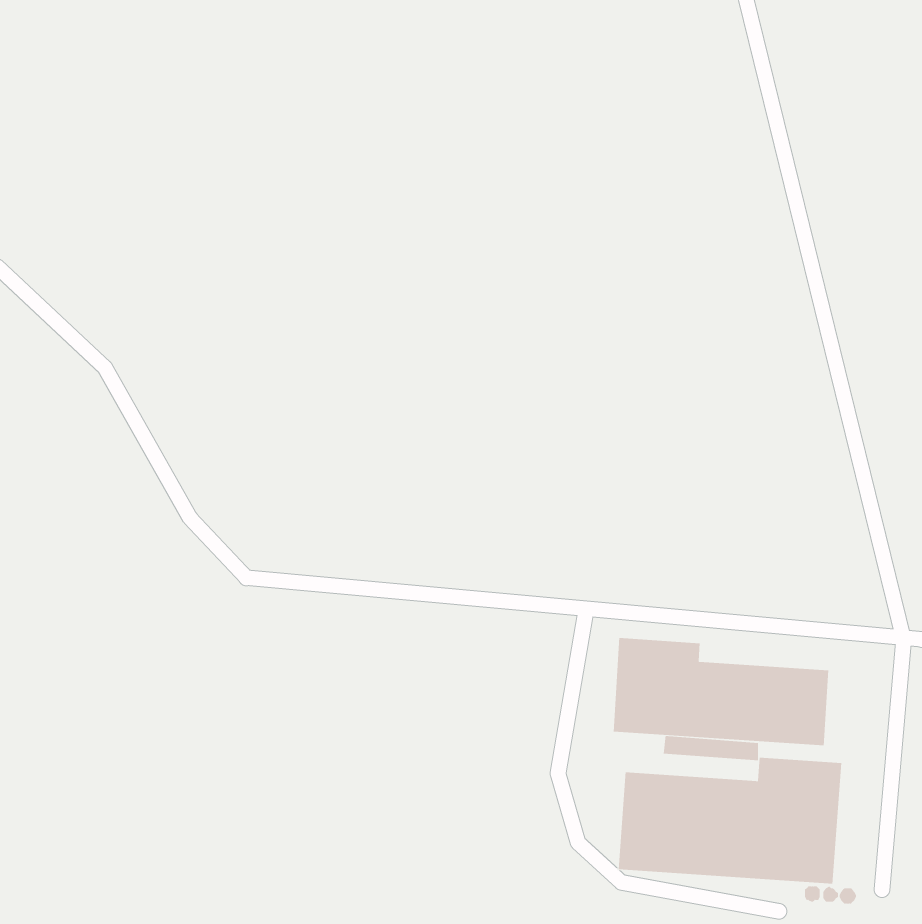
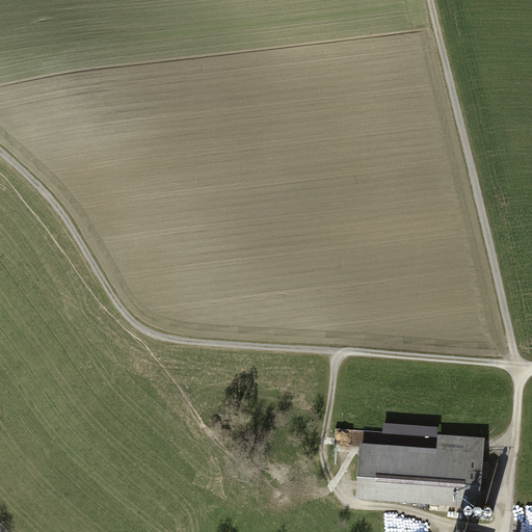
building: [613,637,829,746] -> none

